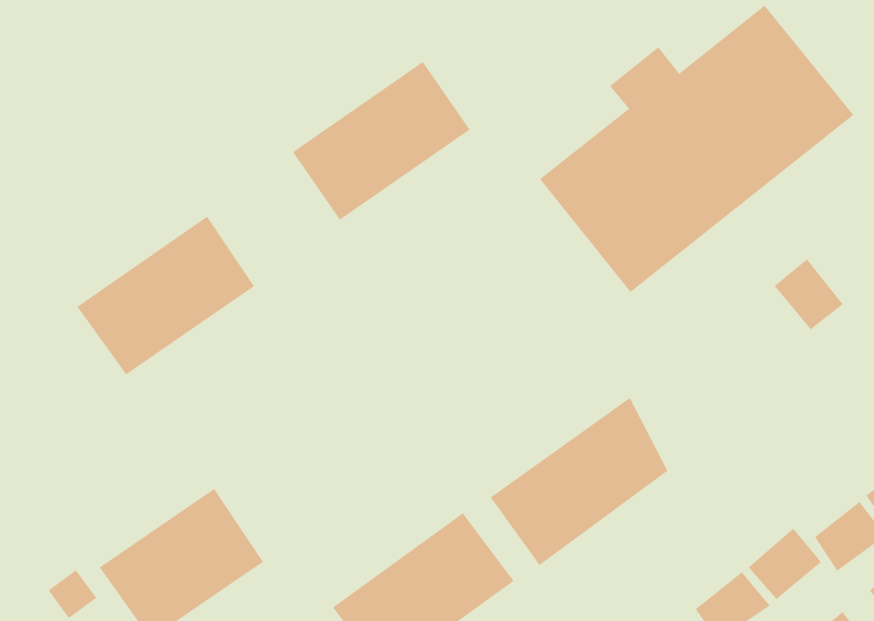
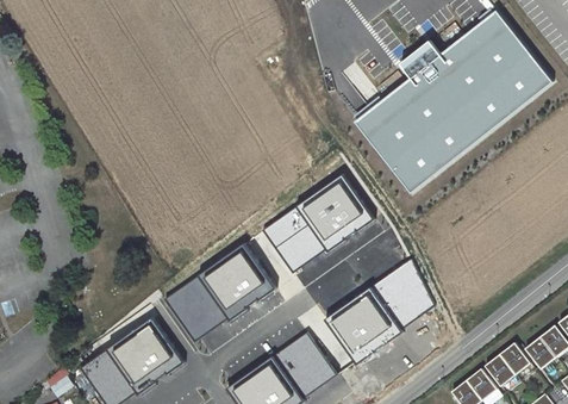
building: [292,61,471,220] -> [262,174,374,274]
building: [76,216,255,375] -> [162,243,274,343]
building: [774,258,844,330] -> none

